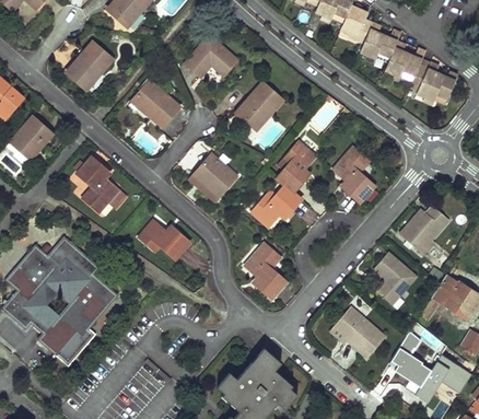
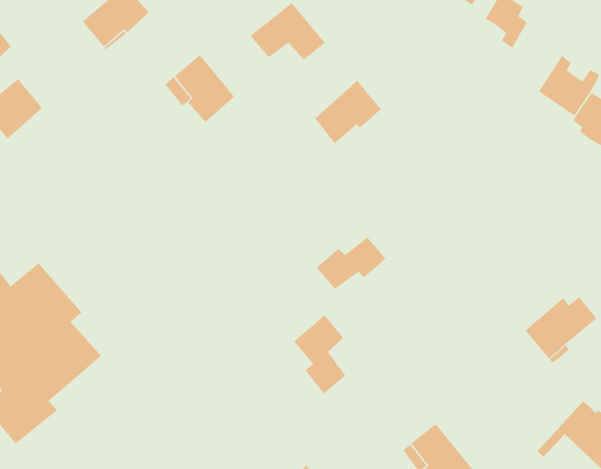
building: [359,25,400,66] -> none
building: [276,144,312,193] -> none
building: [335,151,370,205] -> none
building: [194,153,236,195] -> none
building: [77,155,127,211] -> none
building: [141,222,191,258] -> none
building: [374,253,414,303] -> none

